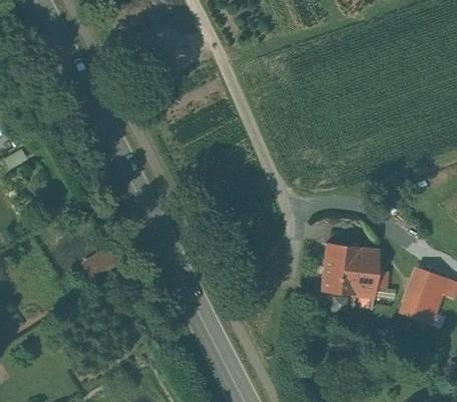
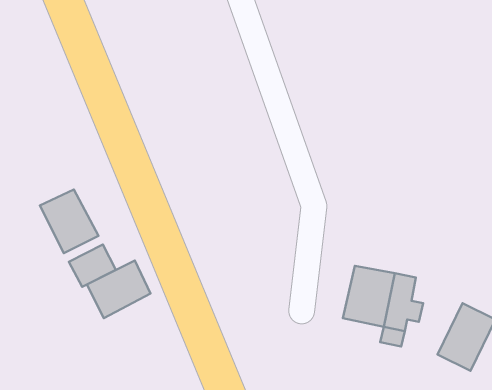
building: none -> [40,190,98,253]
building: none -> [87,260,150,318]

